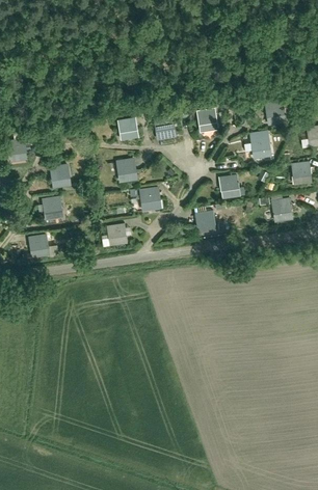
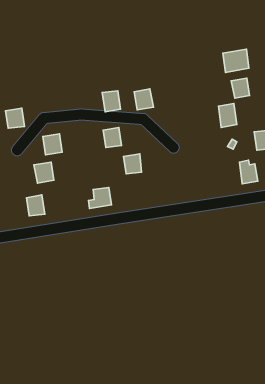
building: none -> [223,49,249,72]
building: [196,107,218,131] -> none
building: [219,175,243,200] -> none
building: [194,211,216,236] -> none

